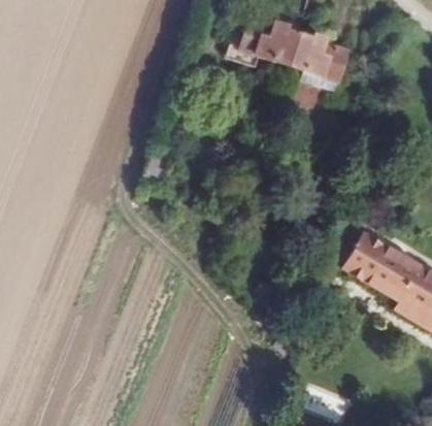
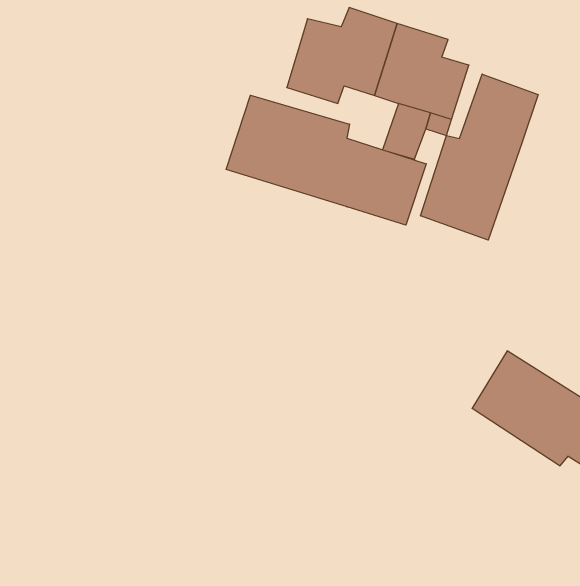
building: none -> [421,74,538,240]
building: none -> [226,95,426,225]

